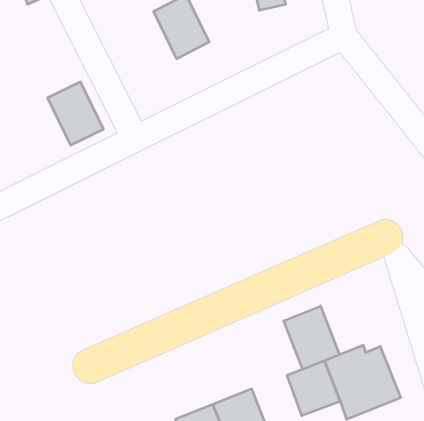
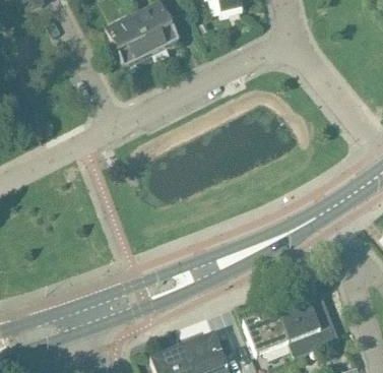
building: [48,82,103,145] -> [106,16,152,69]
building: [284,306,339,369] -> none

